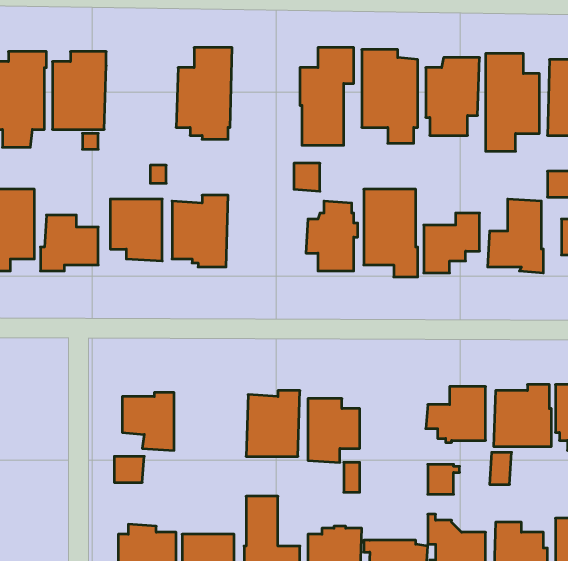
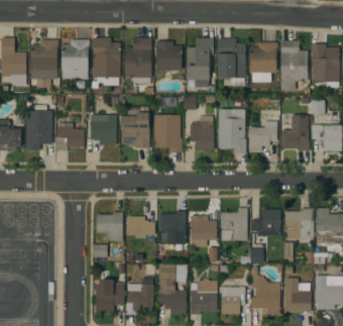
building: none -> [92,37,120,78]
building: none -> [155,41,181,71]
building: none -> [152,114,182,152]
building: none -> [220,208,247,240]
building: none -> [126,216,154,238]

